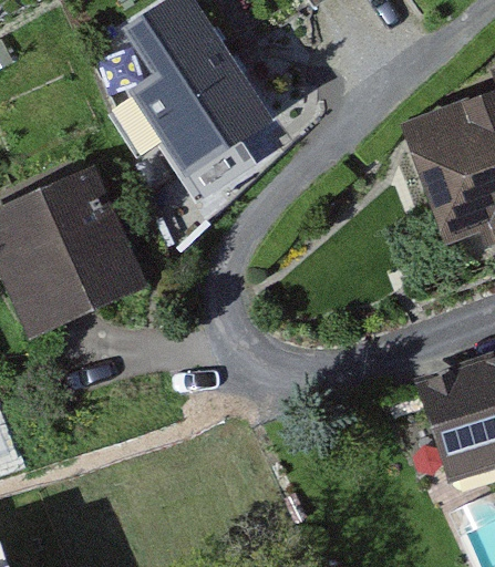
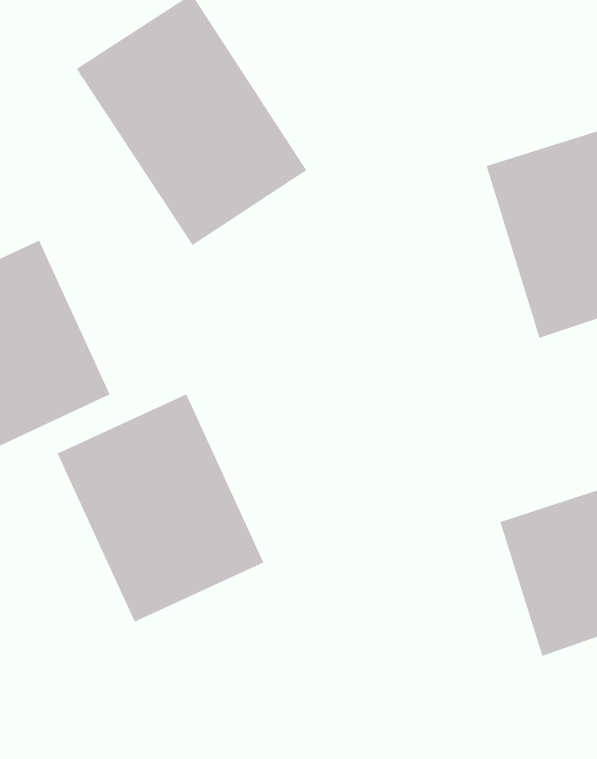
building: none -> [57,393,264,623]

